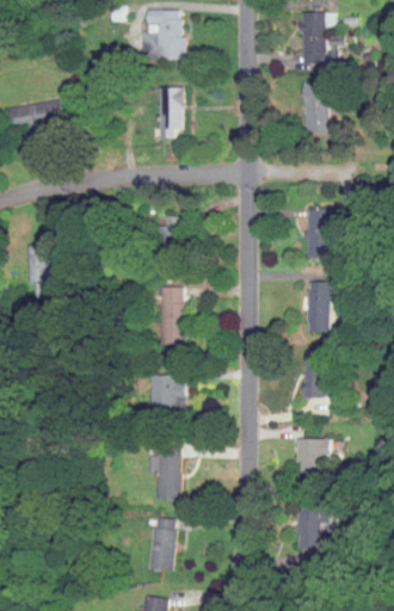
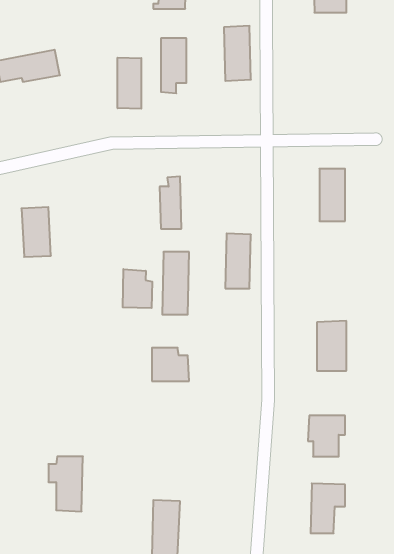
building: [302,82,327,134] -> [224,26,251,81]
building: none -> [118,58,141,109]
building: [306,282,330,333] -> [225,233,251,288]
building: none -> [123,269,152,308]
building: [148,449,180,500] -> [48,456,83,511]

